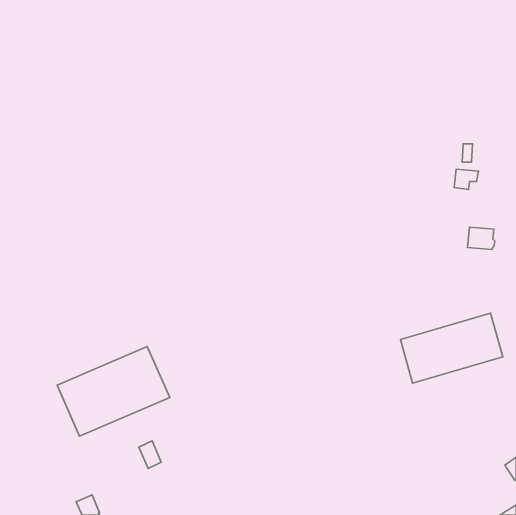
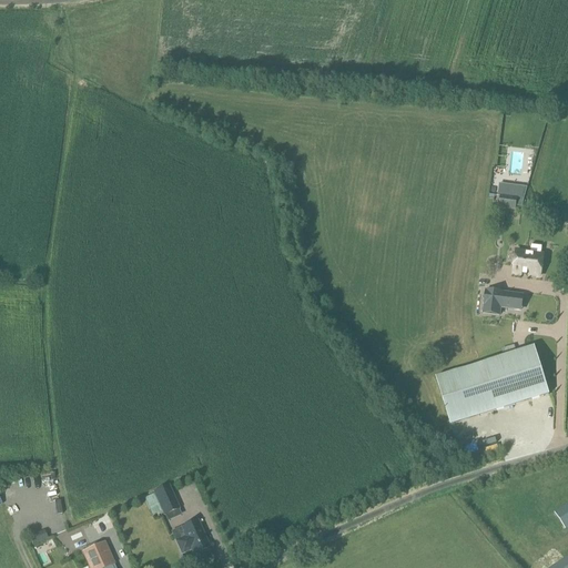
building: none -> [479,291,521,317]
building: [57,346,170,436] -> none
building: none -> [172,518,206,550]

